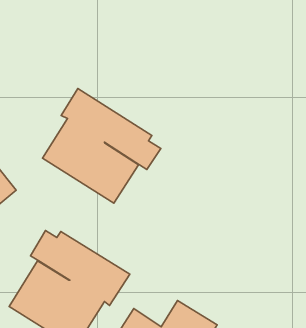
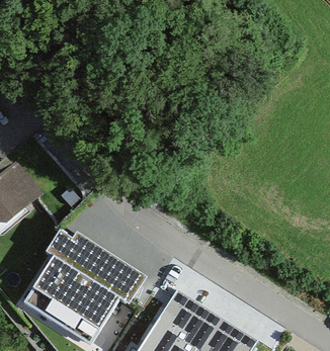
building: [42,88,161,203] -> none

